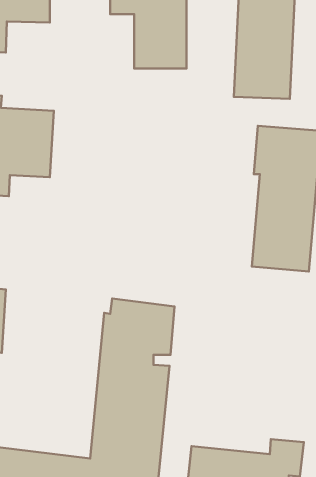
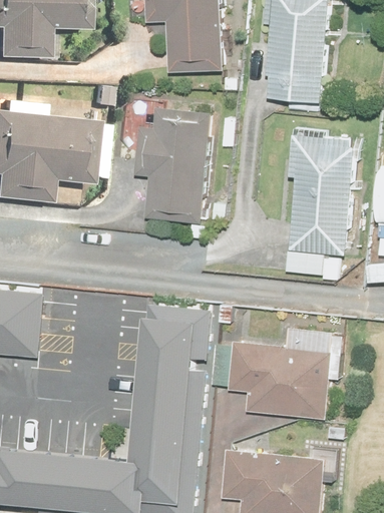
building: none -> [136,109,209,220]
building: none -> [228,328,343,420]

